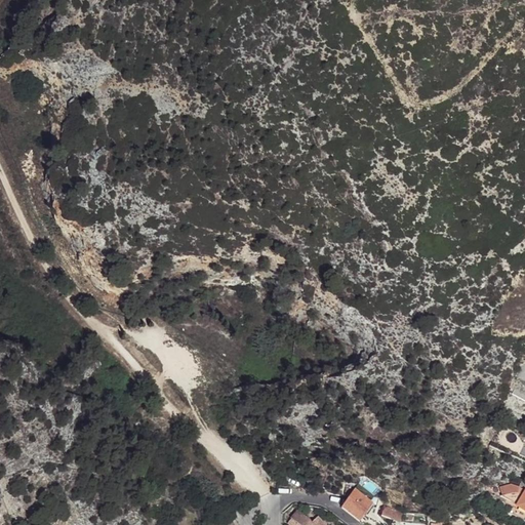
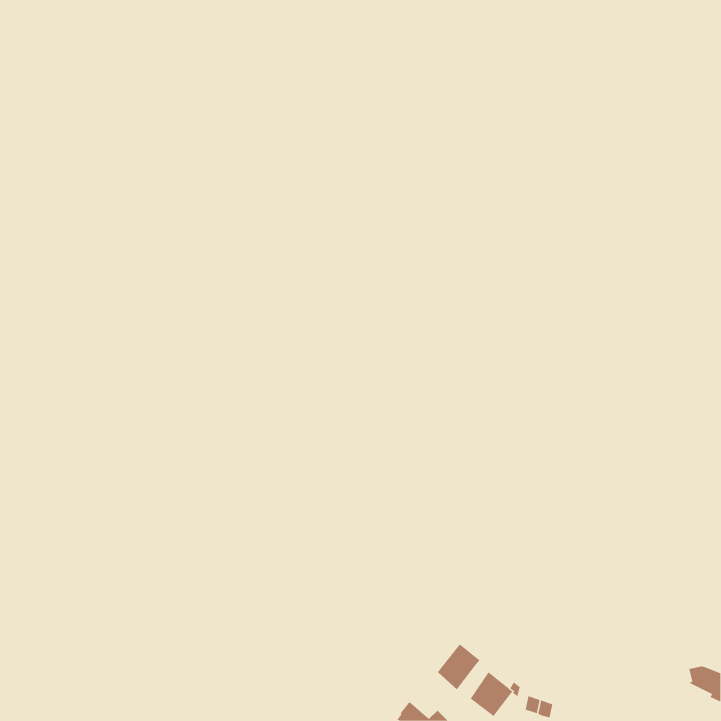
building: none -> [437,644,481,690]

